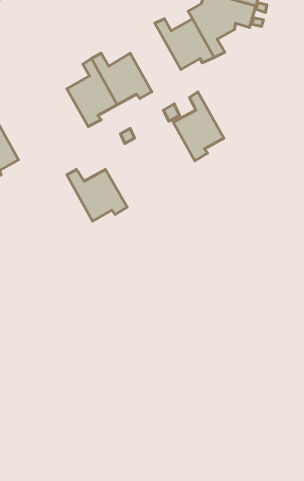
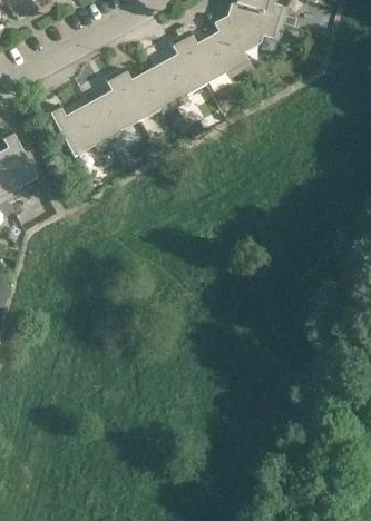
building: [173,92,224,161] -> [153,35,205,106]
building: [67,169,127,221] -> [47,102,109,156]

